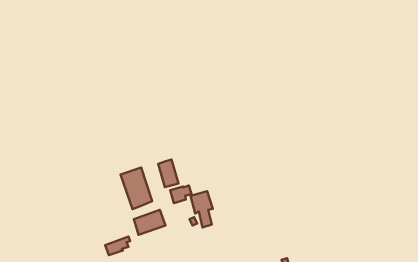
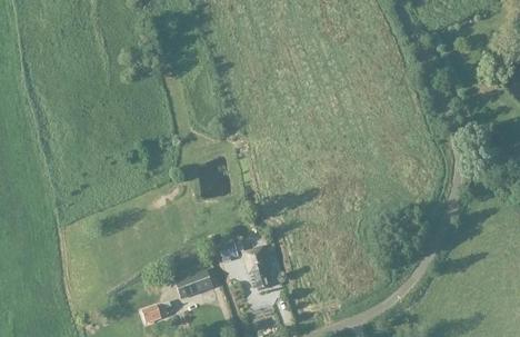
building: [158,159,178,187] -> none
building: [121,168,152,209] -> none

